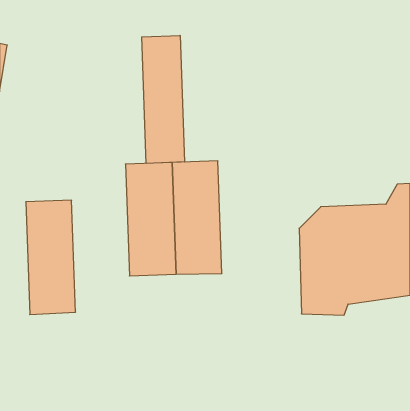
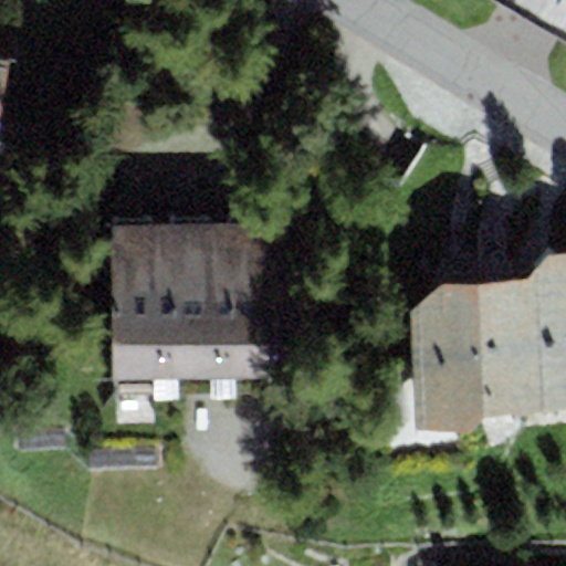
building: [142,35,185,163] -> none
building: [26,200,76,315] -> [109,226,178,382]

